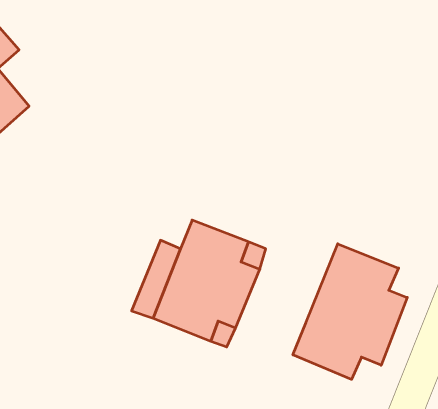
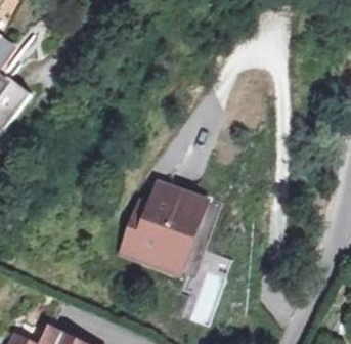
building: [293,244,407,379] -> none

